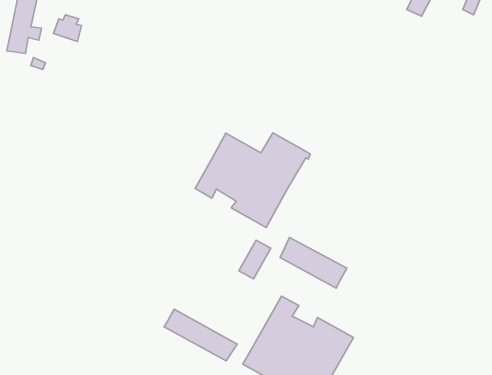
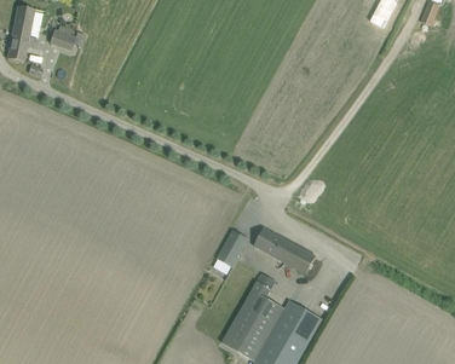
building: [195,133,310,228] -> none
building: [164,309,237,361] -> none

